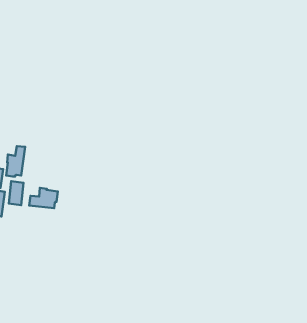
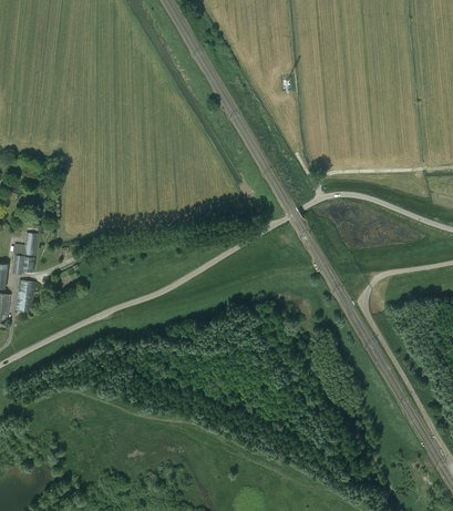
building: [29,188,58,208] -> none

